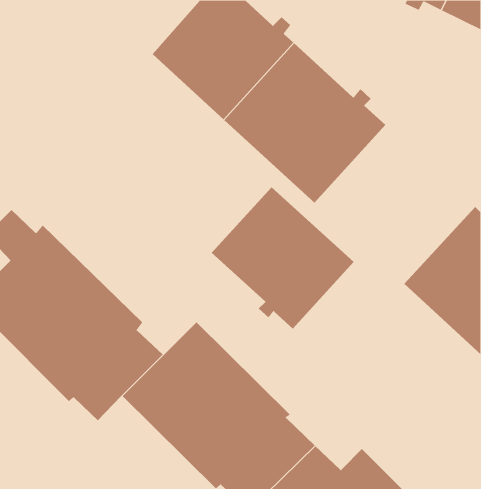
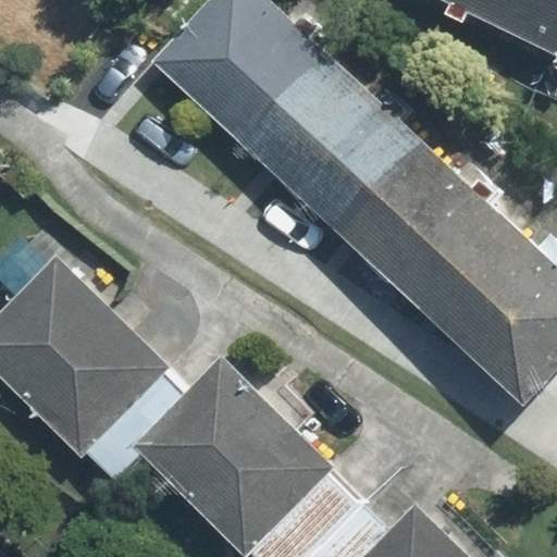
building: none -> [354,147,534,325]
building: [211,186,354,329] -> none

